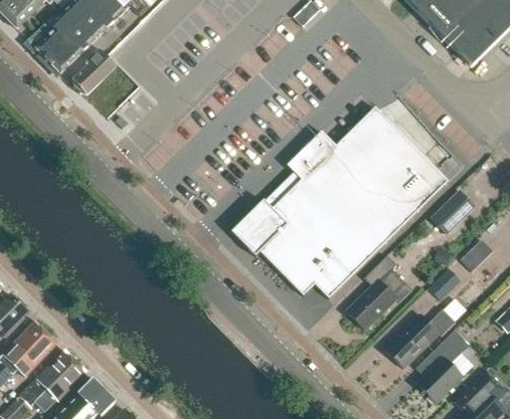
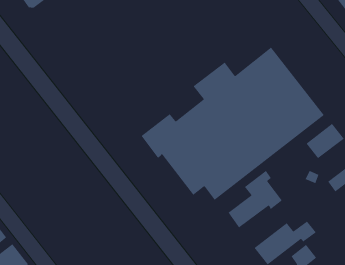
building: [428,267,461,300] -> none

